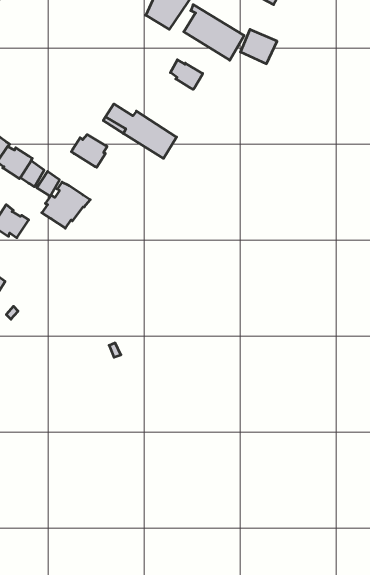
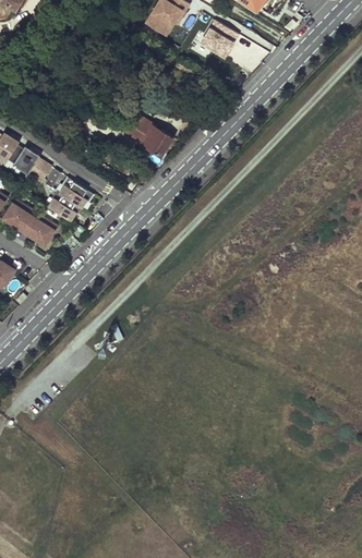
building: [170,60,203,89] -> none
building: [71,135,107,167] -> none
building: none -> [26,214,58,245]

